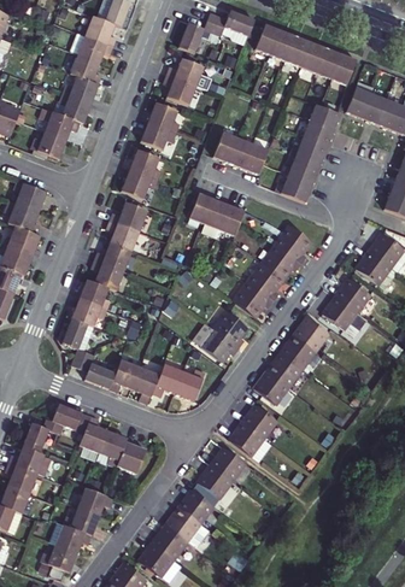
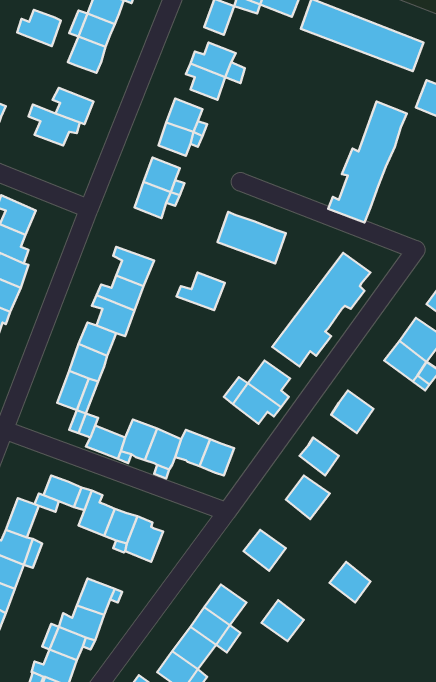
building: [63,77,98,106] -> [17,10,61,46]
building: [31,133,66,160] -> none
building: [213,133,268,174] -> none
building: [108,202,147,233] -> [176,272,225,310]
building: [293,317,328,351] -> none
building: [265,356,300,388] -> none
building: [230,423,263,456] -> [329,562,370,603]
building: [196,464,230,497] -> [262,600,304,641]

